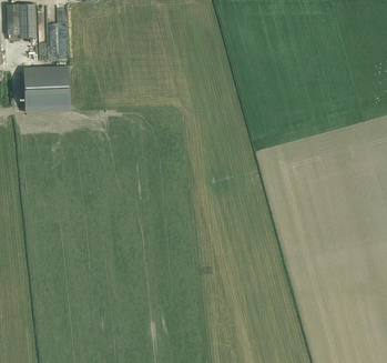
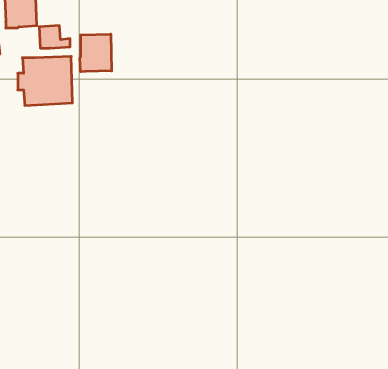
building: none -> [80,34,112,72]

